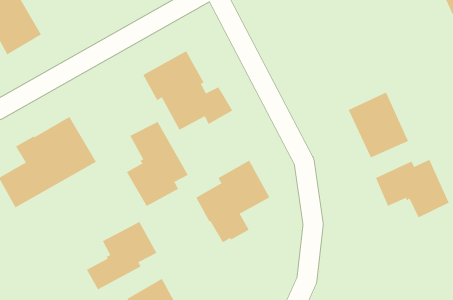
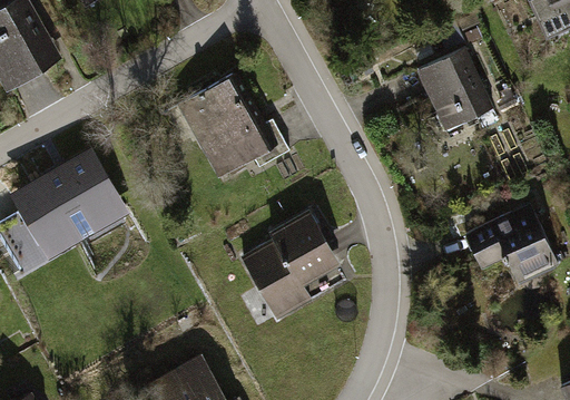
building: [348,92,409,158] -> [417,47,493,129]
building: [126,121,189,207] -> none
building: [86,221,157,290] -> none

